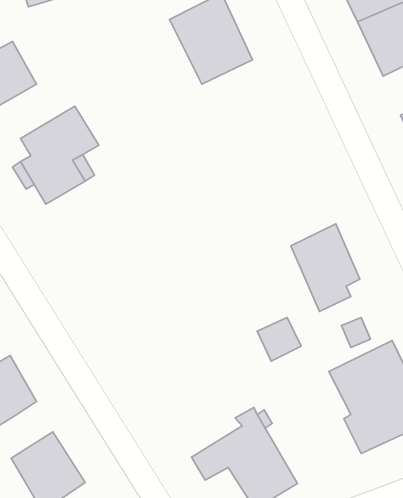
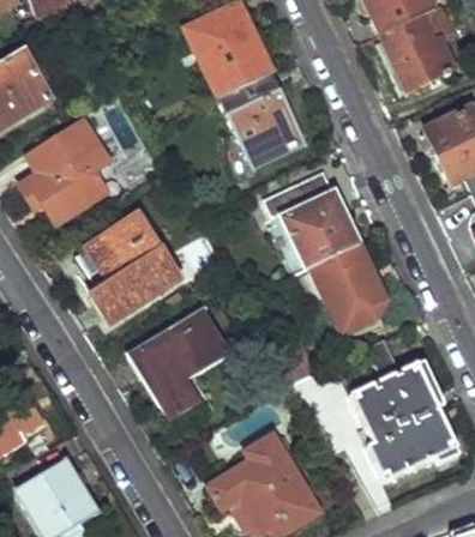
building: none -> [218,71,302,164]
building: none -> [261,168,357,266]
building: none -> [77,216,179,319]
building: none -> [128,307,229,418]

